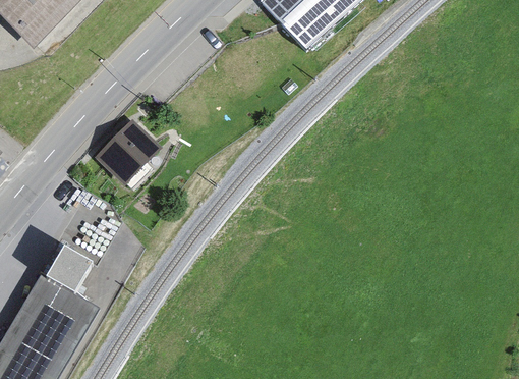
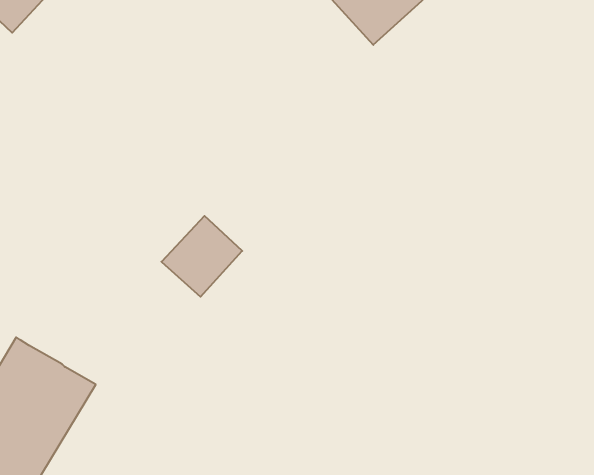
building: [97,118,158,179] -> [161,216,242,297]
building: [42,243,93,294] -> none

